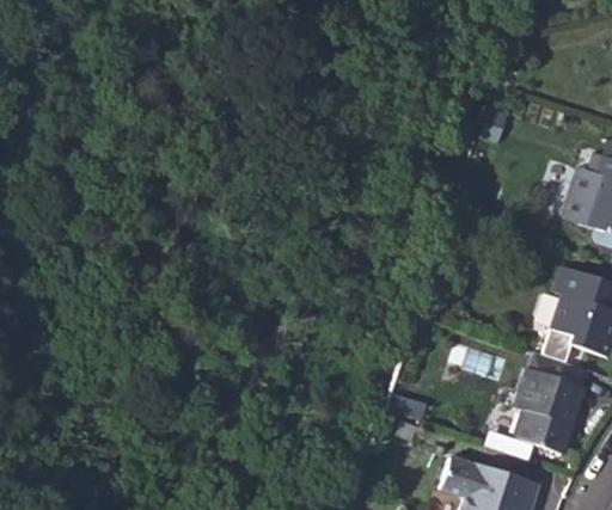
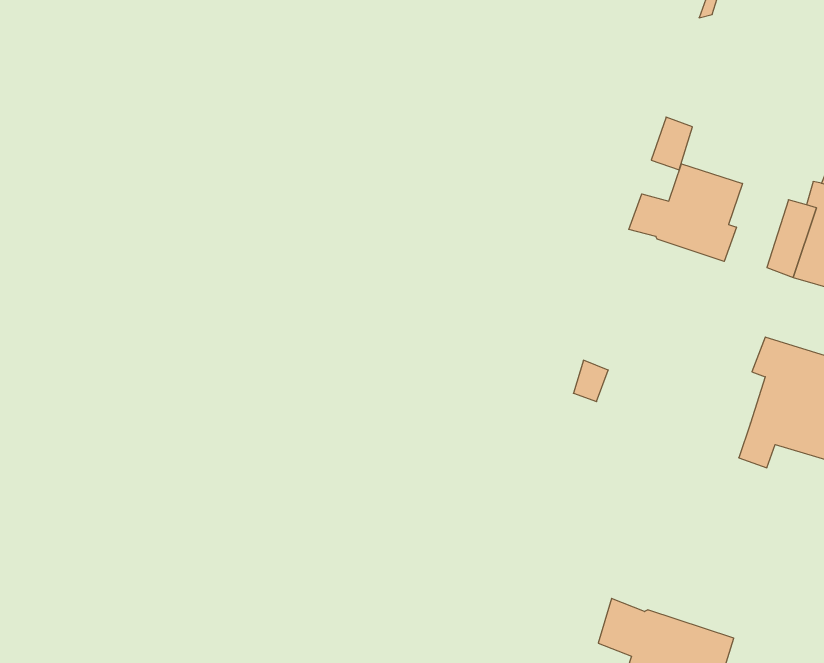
building: none -> [629,164,742,261]
building: [514,354,586,453] -> none

